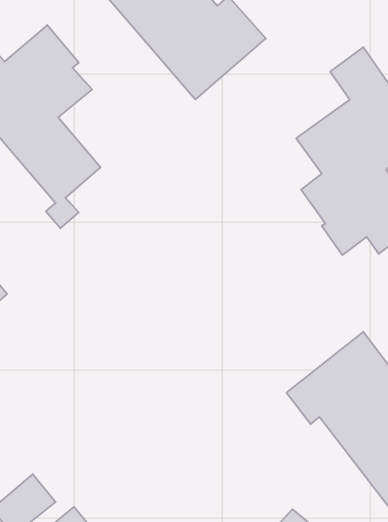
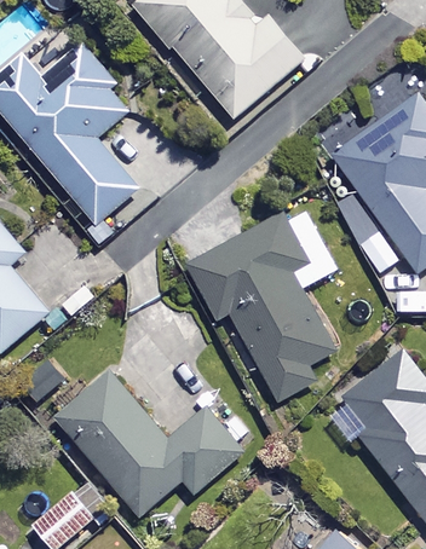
building: none -> [185,202,334,400]
building: none -> [54,371,241,516]

